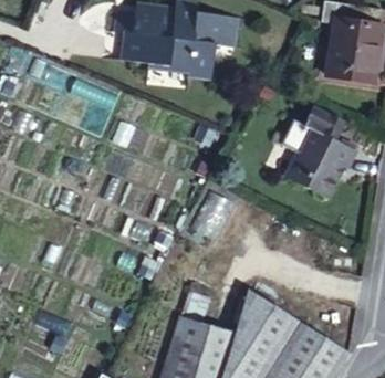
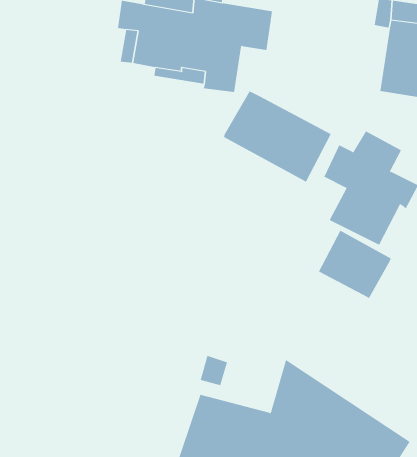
building: none -> [223,91,332,183]
building: none -> [318,230,391,299]

